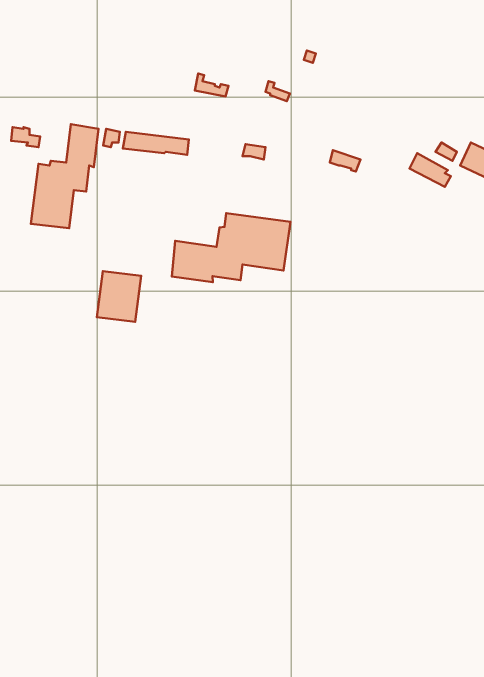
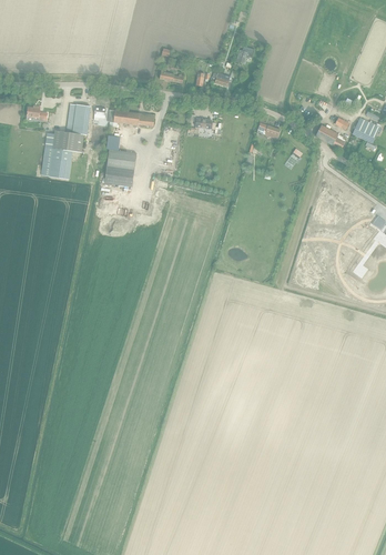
building: [172,213,290,282] -> none
building: [97,271,141,322] -> [104,149,136,185]

